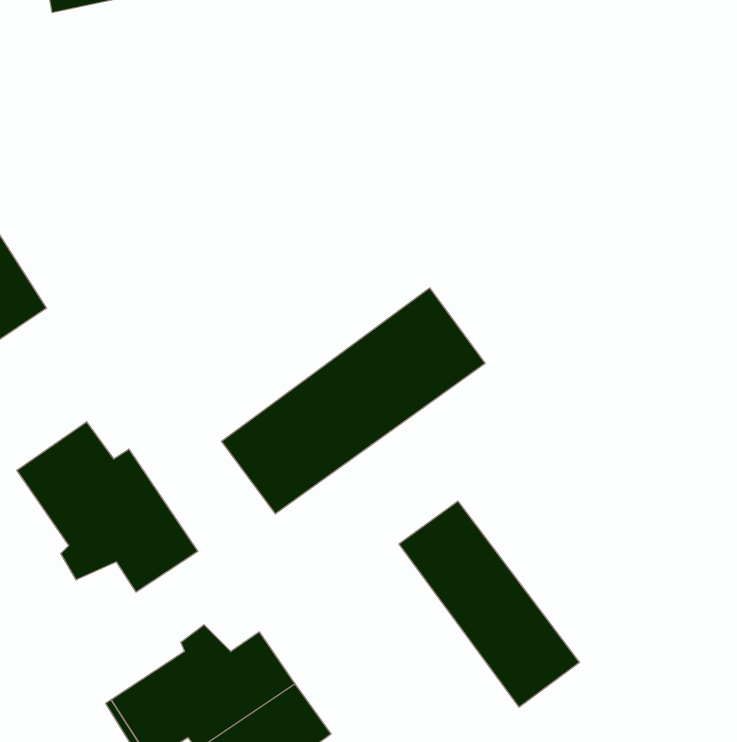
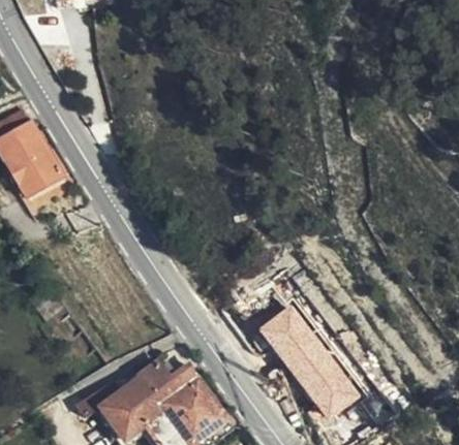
building: [221,288,485,514] -> none
building: [17,422,198,592] -> none

